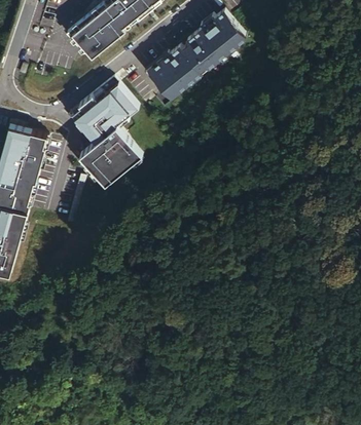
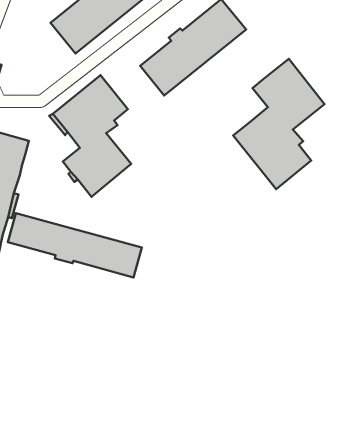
building: none -> [233,59,325,189]
building: none -> [8,213,142,278]

